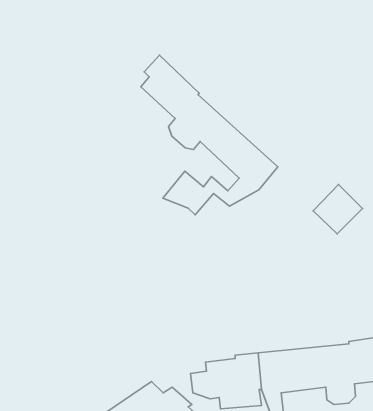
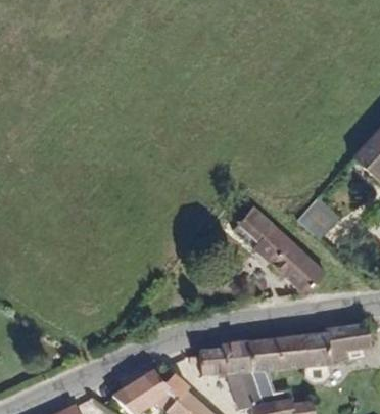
building: [141,55,278,215] -> none
building: none -> [238,203,329,294]

